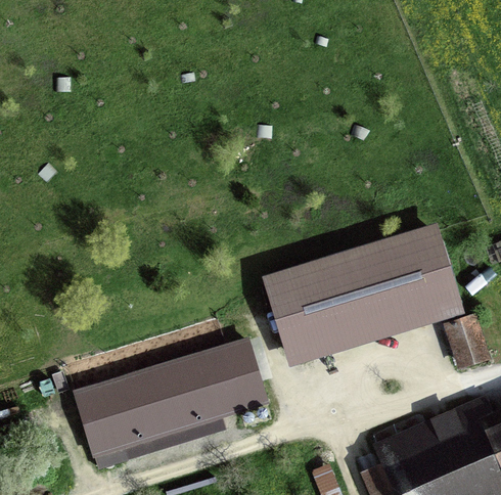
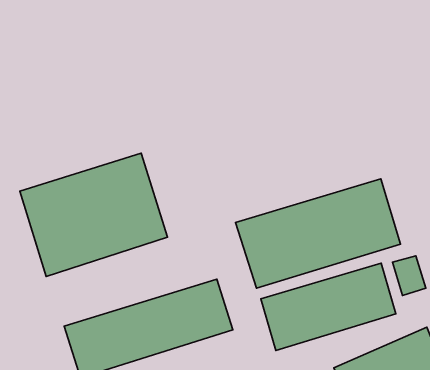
building: none -> [20,153,167,277]
building: none -> [261,263,396,351]

